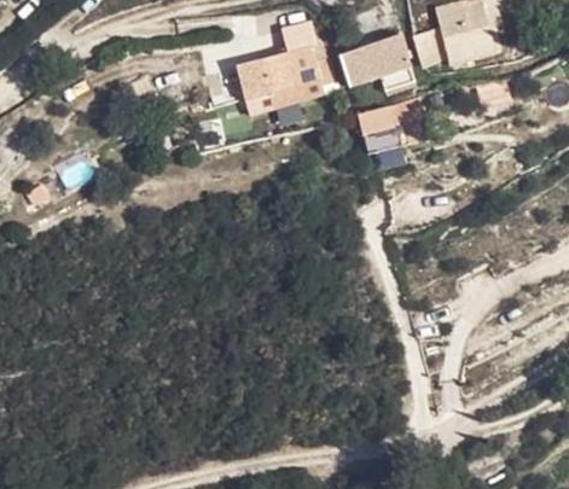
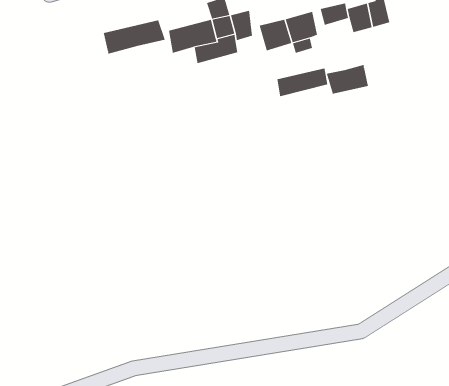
building: none -> [103,19,166,55]
building: none -> [326,64,369,95]

